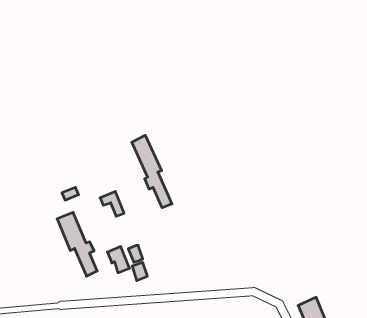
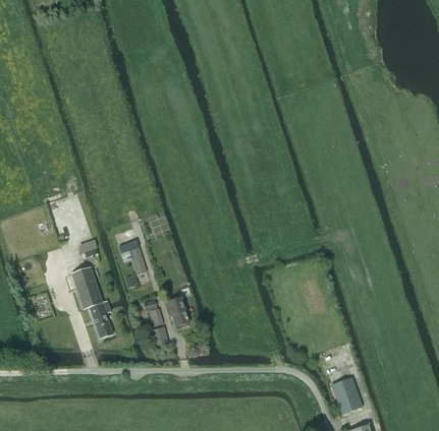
building: [132,135,172,208] -> none
building: [107,247,130,273] -> [165,297,188,325]

